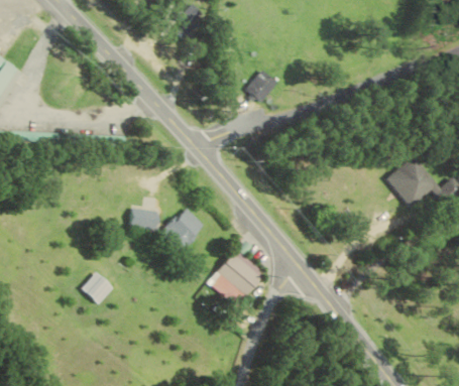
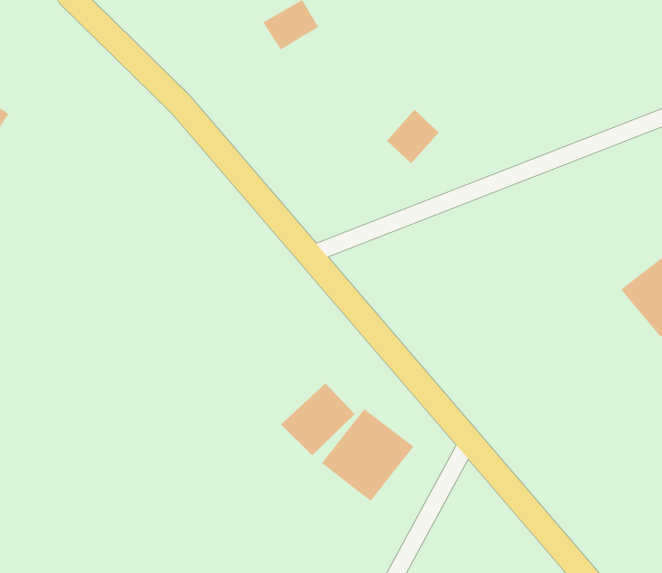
building: [126,207,155,230] -> none
building: [156,208,202,252] -> [280,383,356,456]
building: [79,272,111,304] -> none

